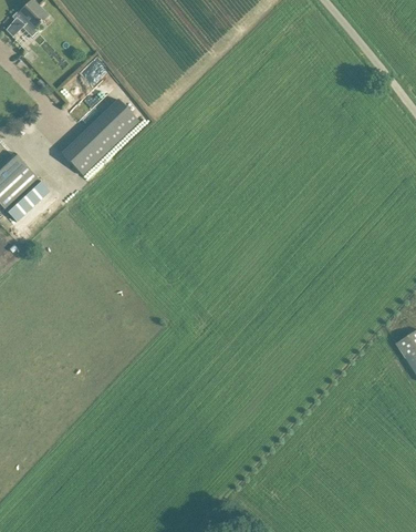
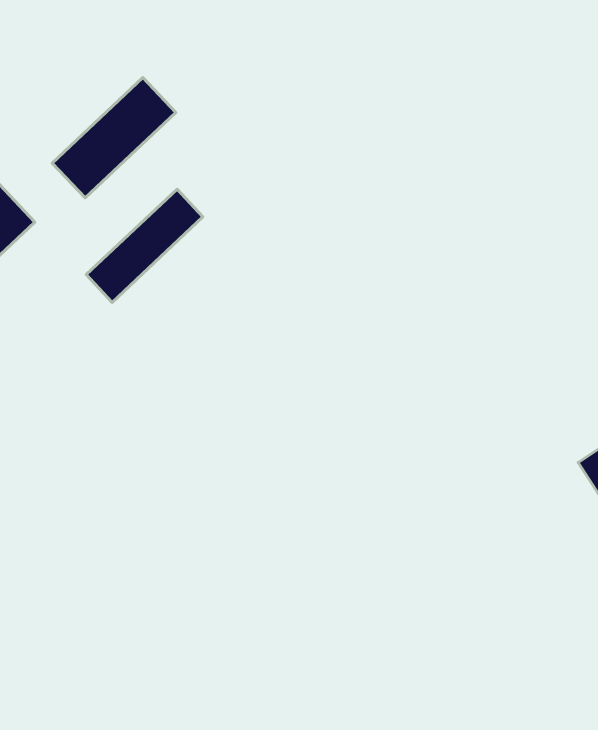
building: none -> [86,189,203,302]

